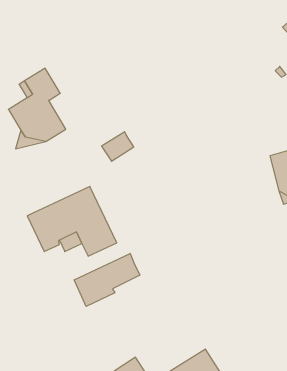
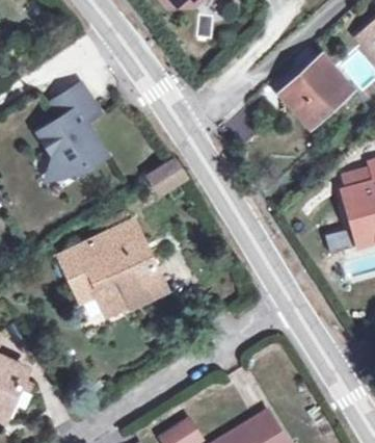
building: none -> [282,57,347,123]
building: [74,253,140,306] -> none

